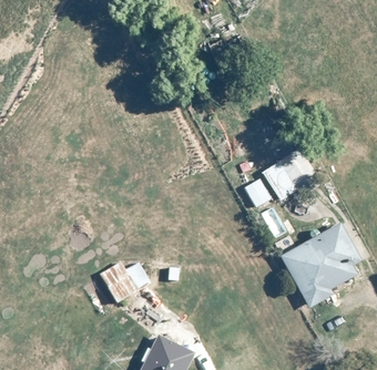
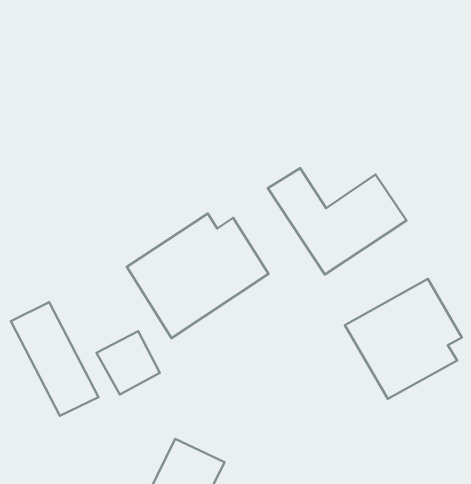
building: none -> [127,213,269,338]
building: none -> [11,302,98,416]

